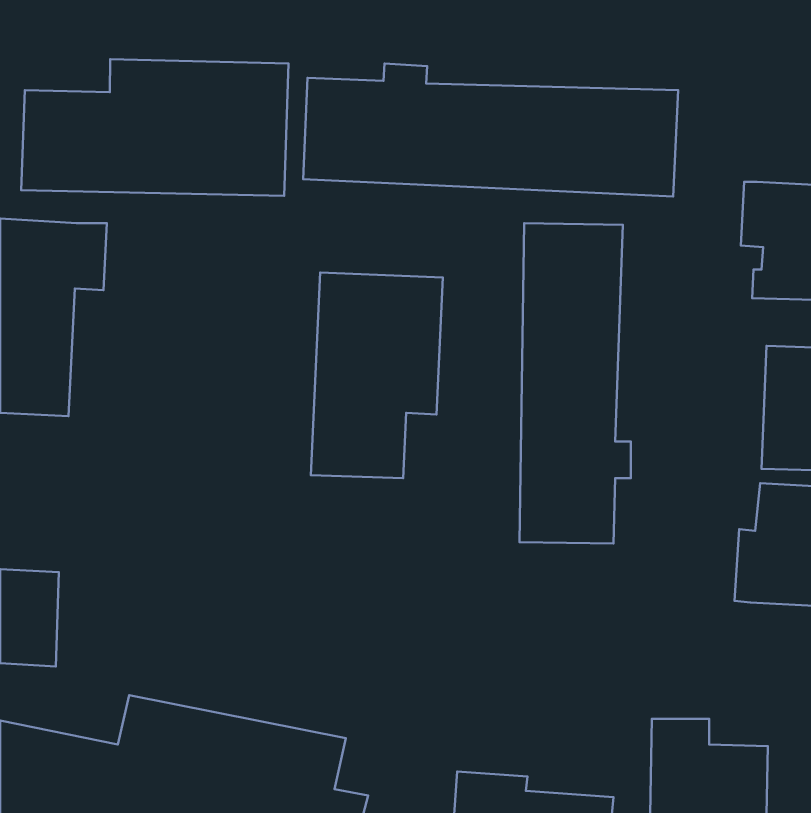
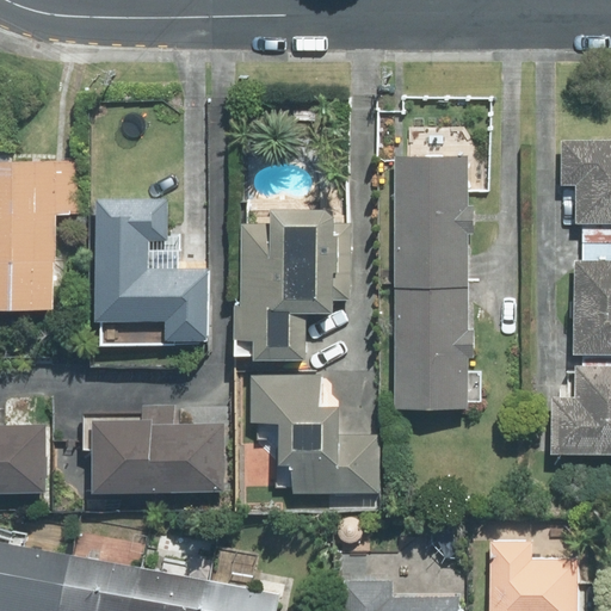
building: [21,59,288,196] -> none
building: [303,64,678,196] -> none
building: none -> [90,198,209,344]
building: none -> [251,342,383,496]
building: none -> [87,406,227,496]

